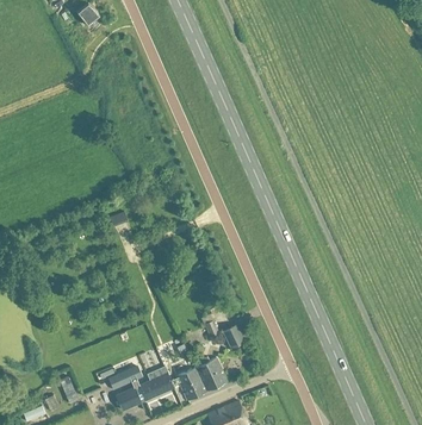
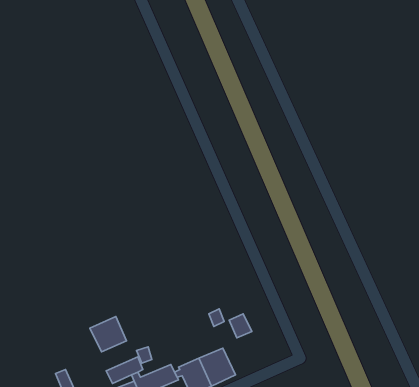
building: none -> [90,316,127,352]

